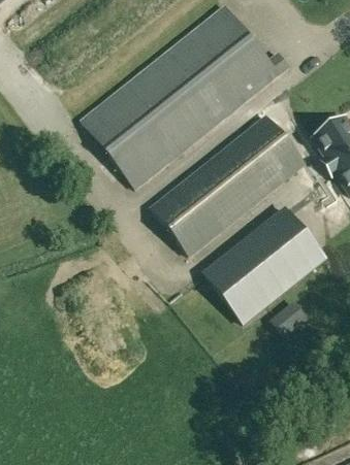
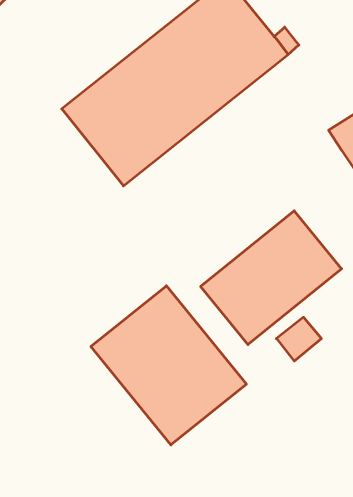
building: [152,113,308,256] -> none
building: none -> [91,286,246,445]

